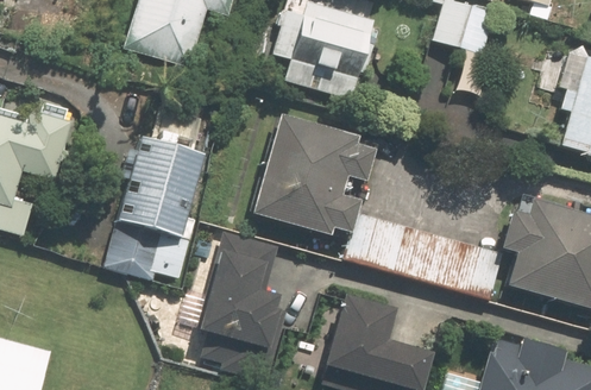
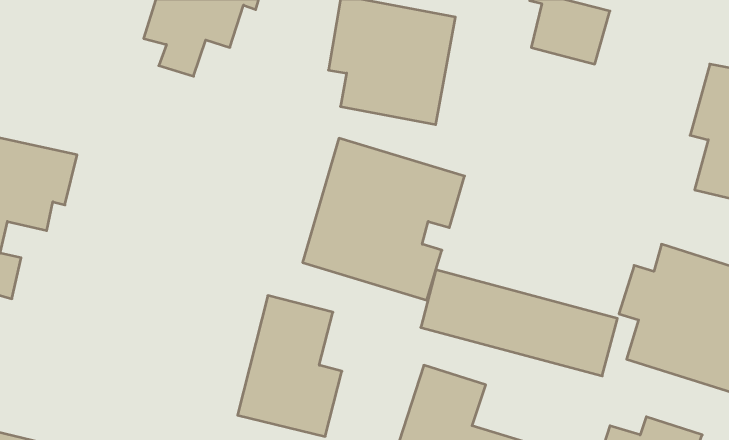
building: [101,138,200,284] -> none

